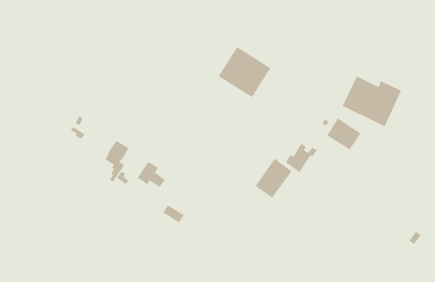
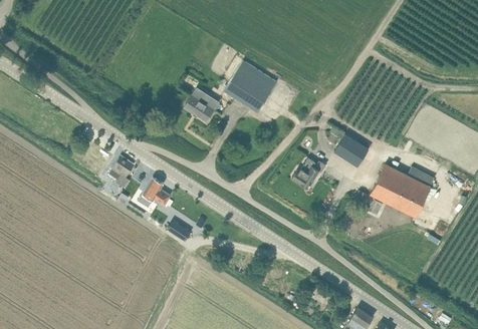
building: [342,76,402,127] -> [372,162,433,215]
building: none -> [184,94,215,122]
building: [255,158,292,198] -> none

